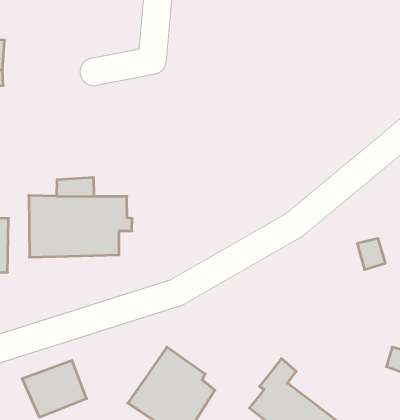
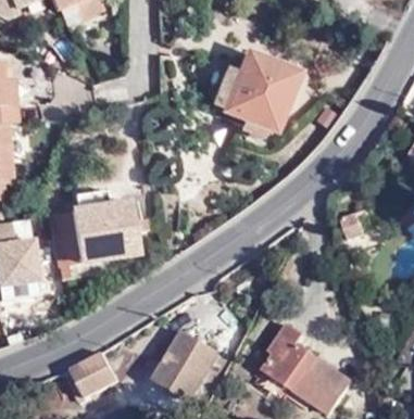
building: none -> [212,56,299,138]

